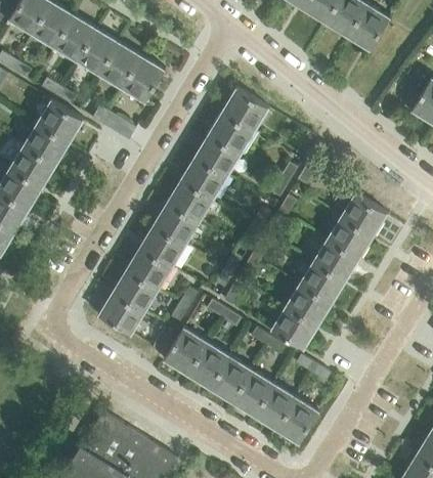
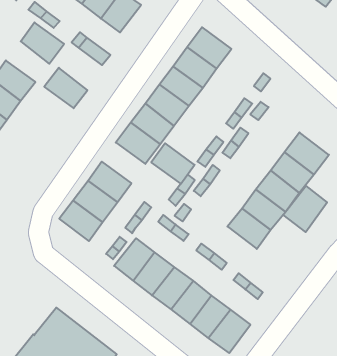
building: [21,123,70,166] -> [44,68,87,108]
building: [138,224,186,267] -> [151,143,195,184]
building: none -> [283,186,327,232]
building: [269,305,318,350] -> none

